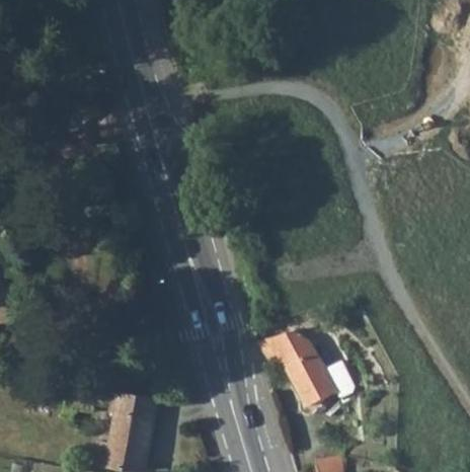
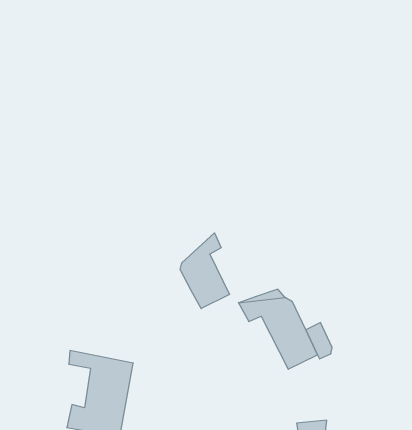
building: none -> [180,233,229,309]

